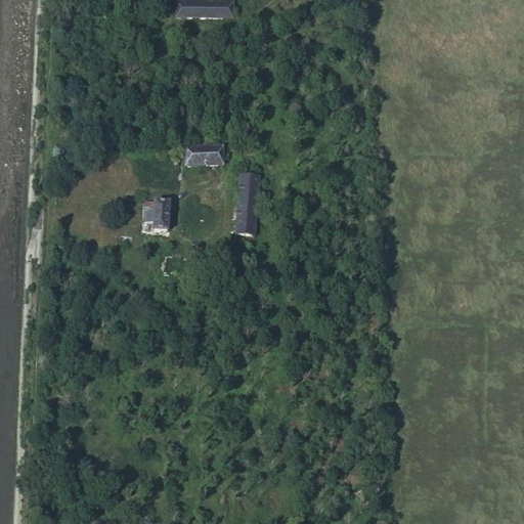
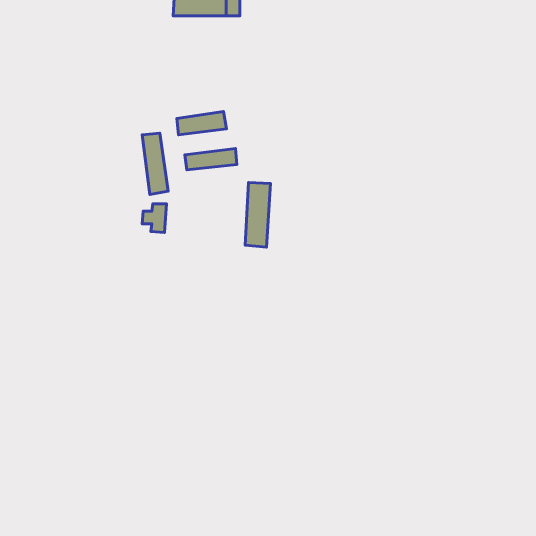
building: none -> [177,112,226,135]
building: none -> [142,133,168,194]

